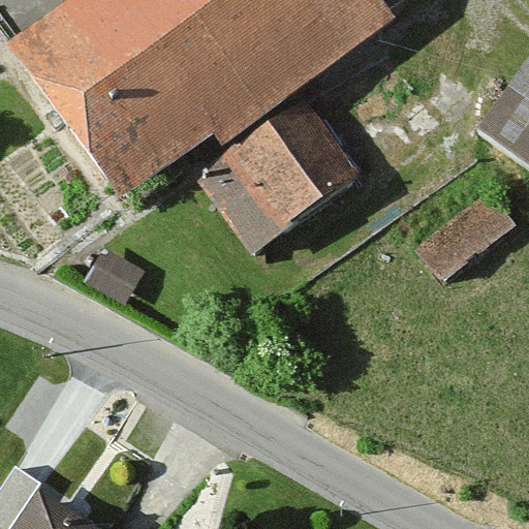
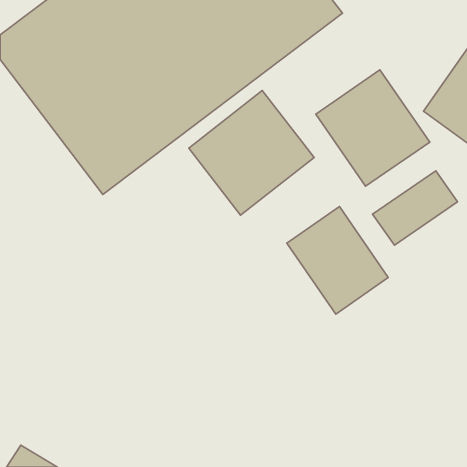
building: none -> [316,70,430,186]
building: none -> [287,207,388,314]

